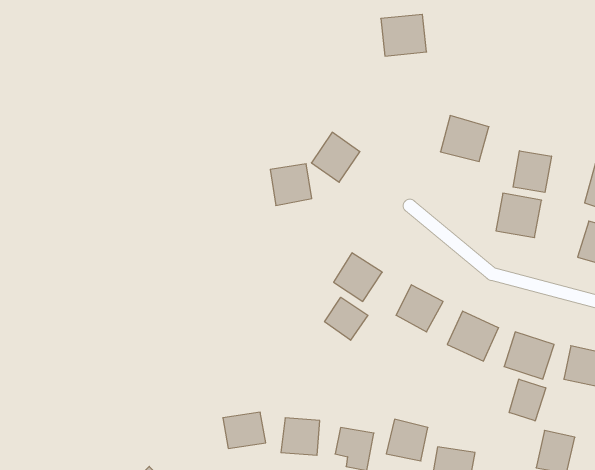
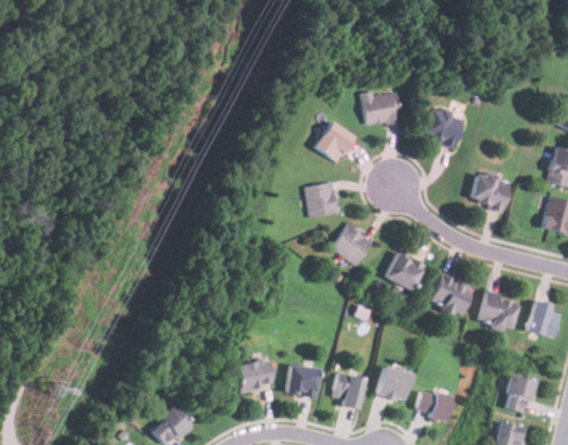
building: [381,14,427,56] -> [362,90,402,126]
building: [513,151,551,192] -> none
building: [270,164,312,205] -> [303,182,339,217]
building: [325,297,368,340] -> none
building: [509,379,546,421] -> none

